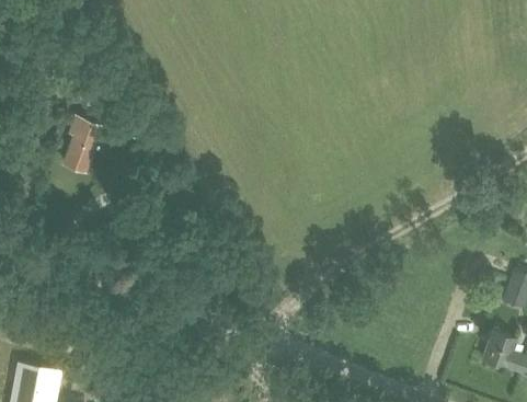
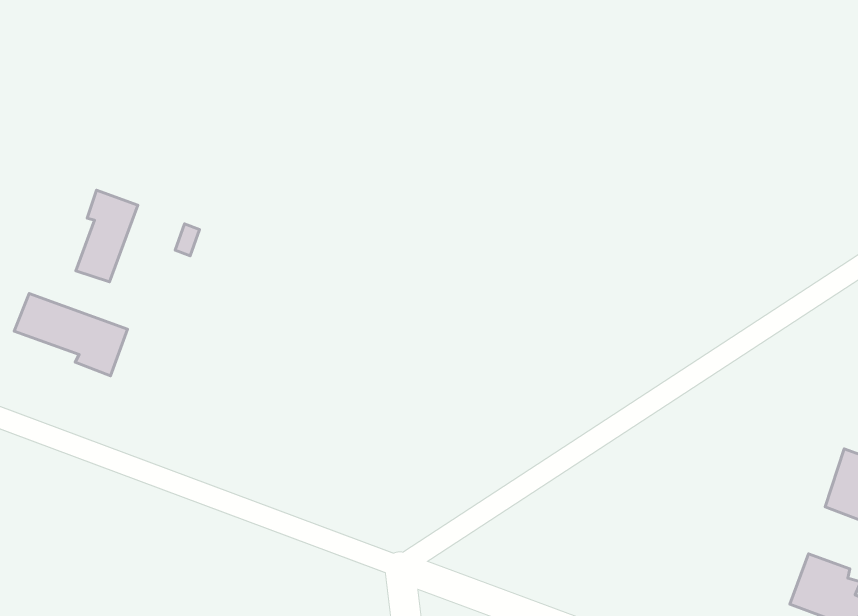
building: none -> [14,294,128,376]

